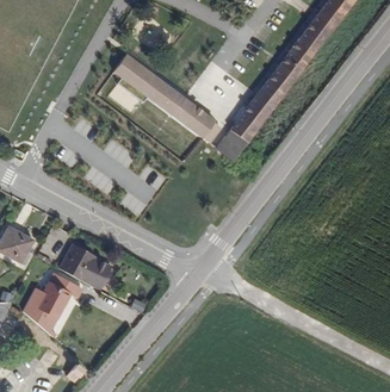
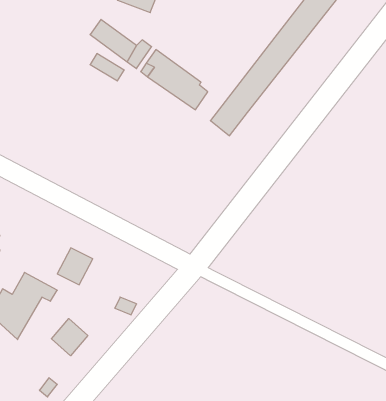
building: [62,241,97,280] -> none
building: none -> [51,319,88,356]

